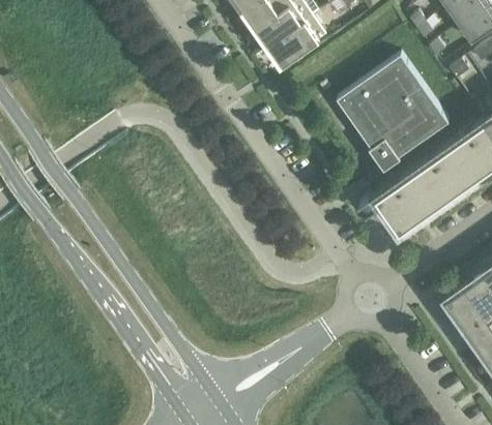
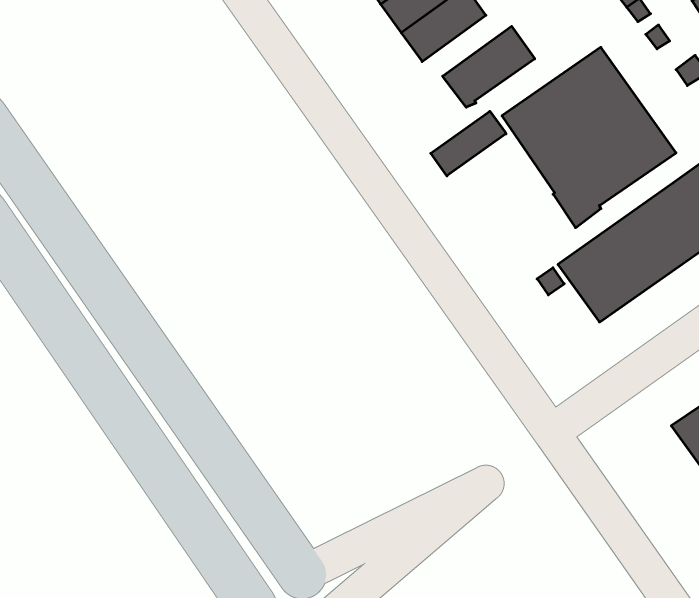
building: none -> [443,26,535,107]
building: none -> [431,111,506,176]

